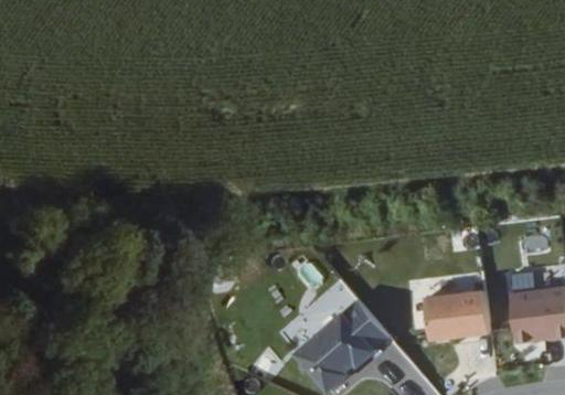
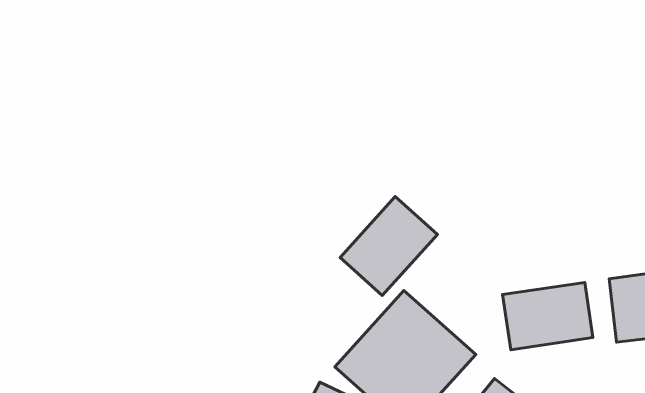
building: none -> [340,197,437,296]

